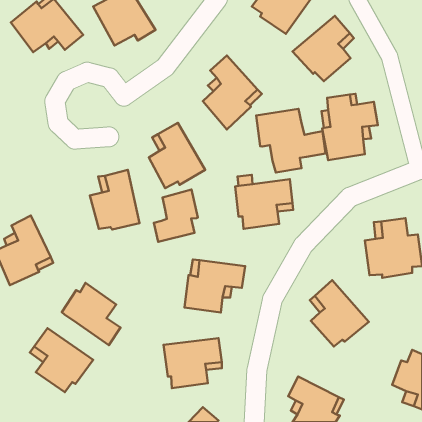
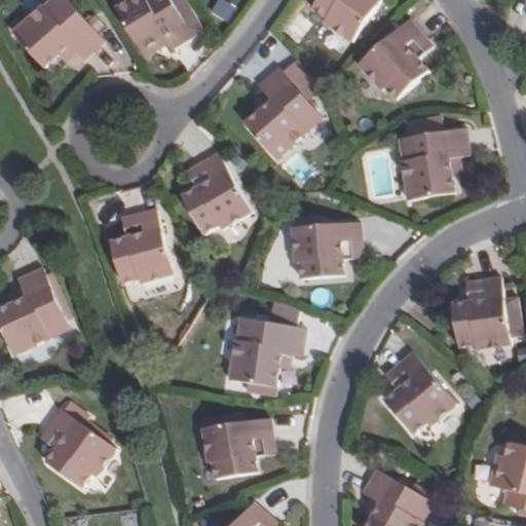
building: [256,109,326,173] -> none
building: [154,190,198,242] -> none
building: [62,283,120,345] -> none

